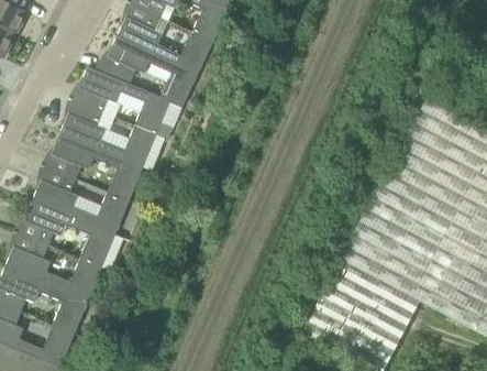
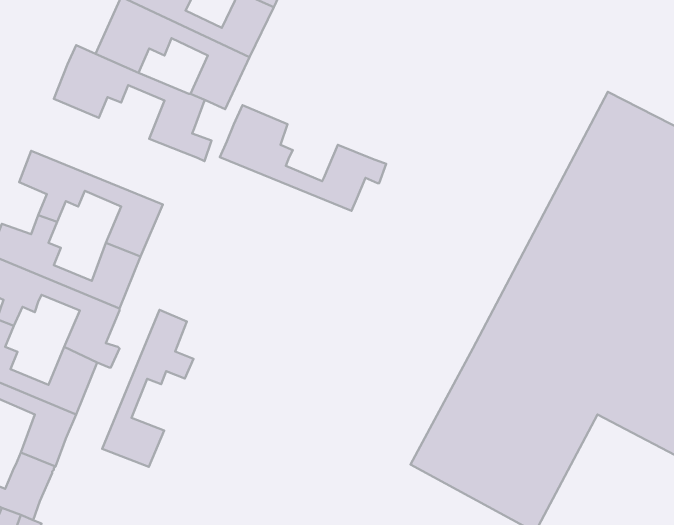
building: [59,99,165,166] -> [220,105,386,211]
building: none -> [102,310,194,467]

